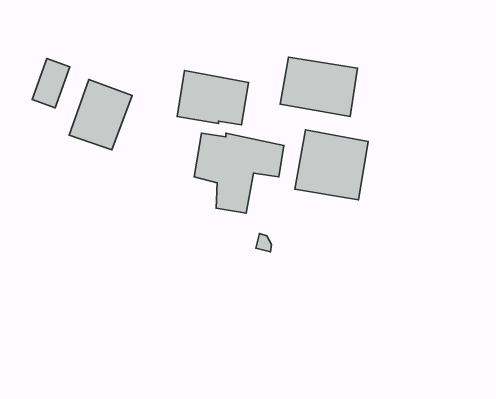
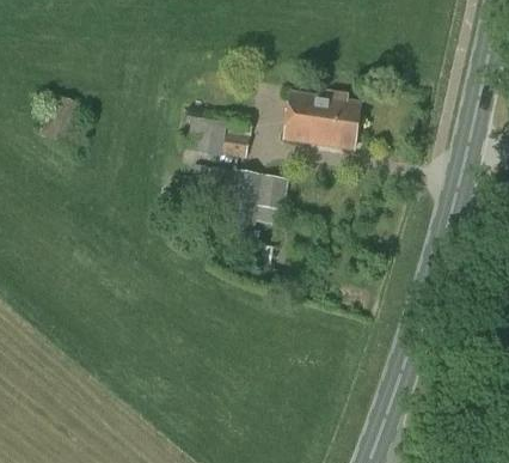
building: [69,79,132,150] -> none
building: [295,130,368,200] -> none

